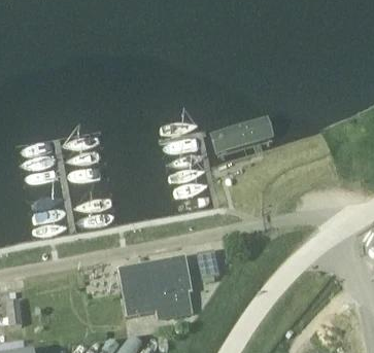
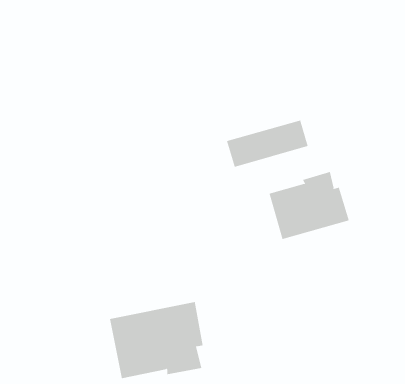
building: none -> [269,171,350,240]

